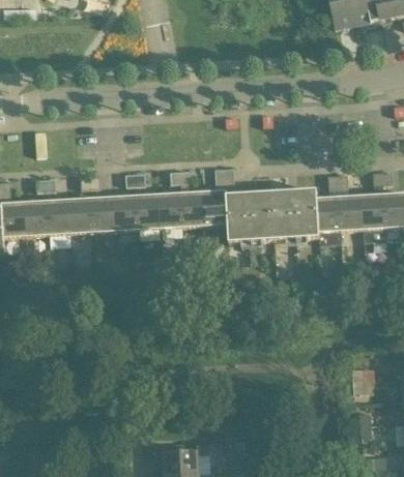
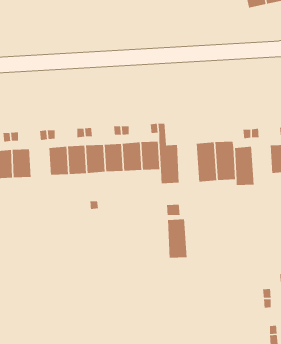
building: [249,192,273,241] -> [167,219,187,259]
building: [339,195,363,231] -> none
building: [68,198,93,234] -> none

